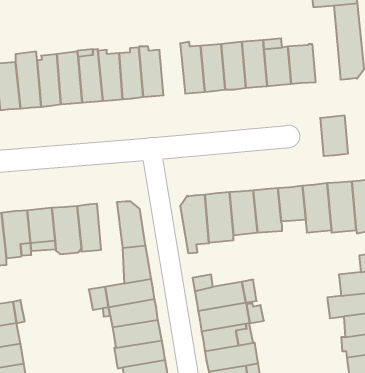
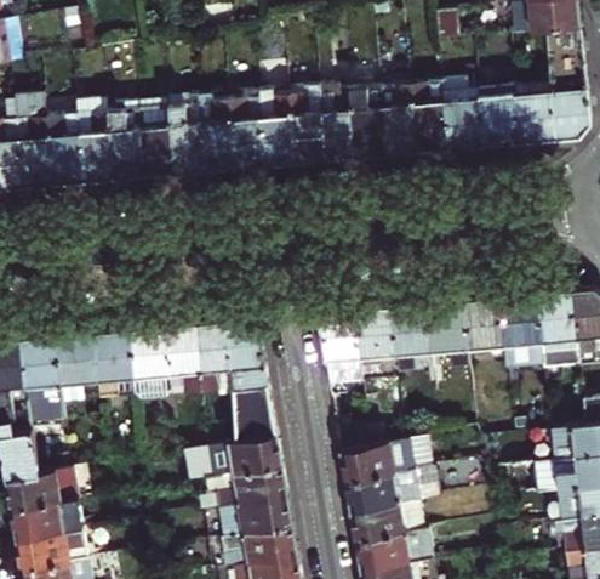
building: none -> [288,85,326,164]
building: [320,116,348,156] -> [514,85,555,144]
building: none -> [196,322,234,392]

